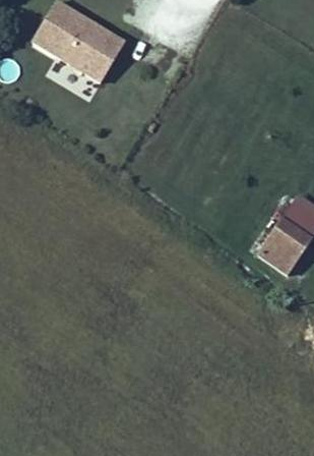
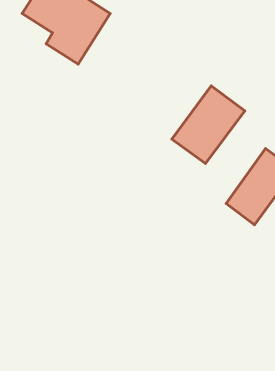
building: none -> [172,86,245,163]

